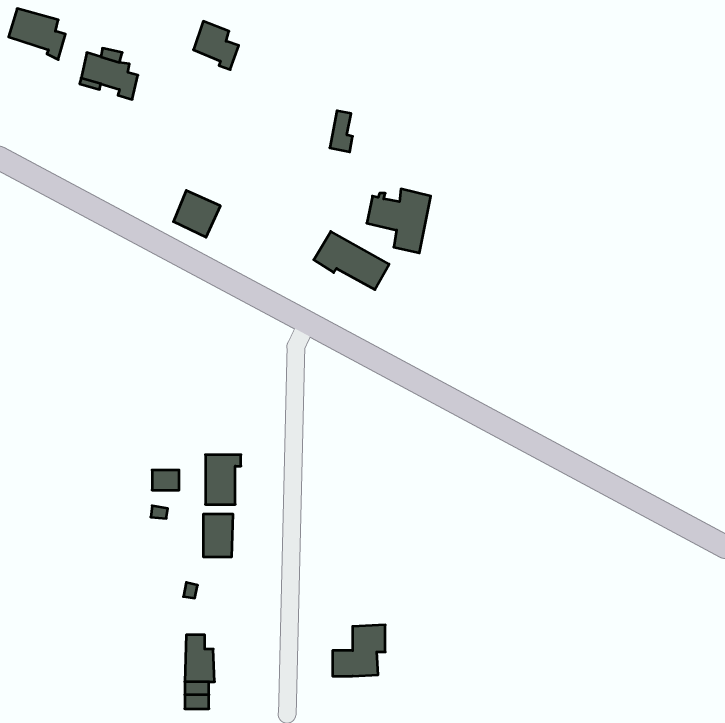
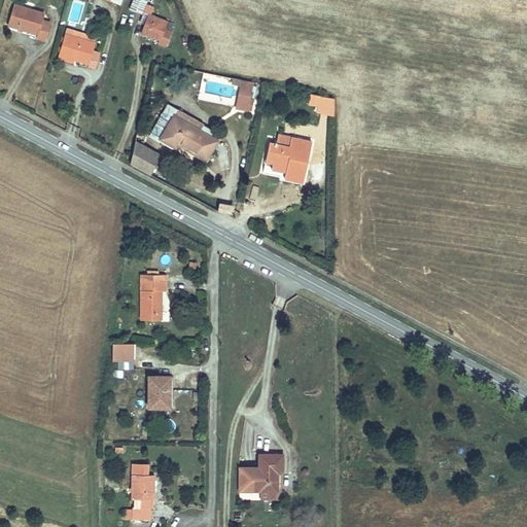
building: none -> [307,94,333,117]
building: [314,231,389,290] -> [164,119,218,162]
building: [205,455,241,504] -> [141,280,167,316]

